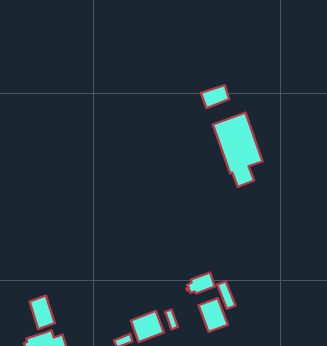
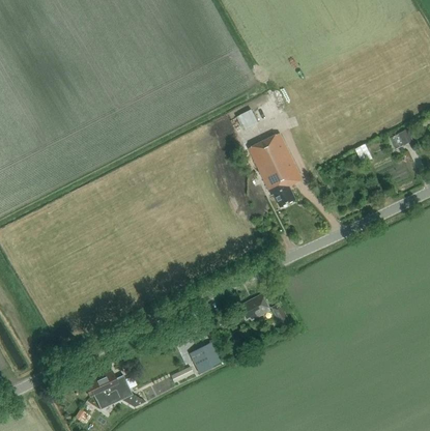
building: [30,296,55,329] -> none
building: [199,298,228,332] -> none

